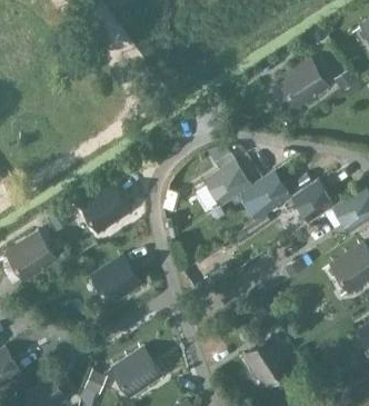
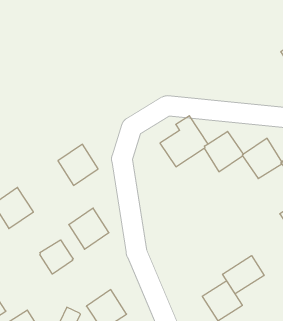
building: [280,60,326,106] -> none
building: none -> [40,240,73,274]
building: none -> [223,256,264,294]

